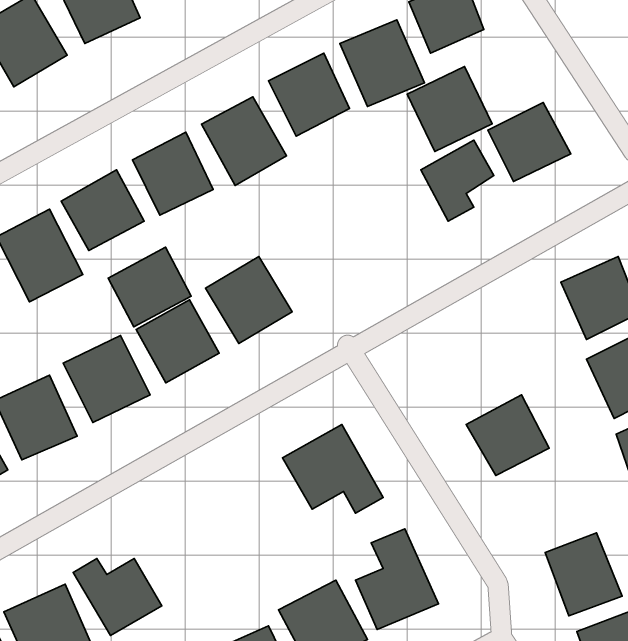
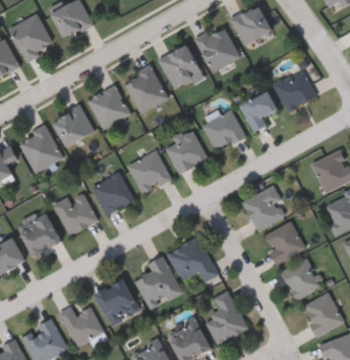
building: [407,67,492,152] -> [201,106,245,150]
building: none -> [165,129,208,172]
building: [108,247,191,327] -> none
building: none -> [242,185,288,230]
building: none -> [136,255,181,308]
building: none -> [280,257,322,300]
building: none -> [94,278,138,325]

